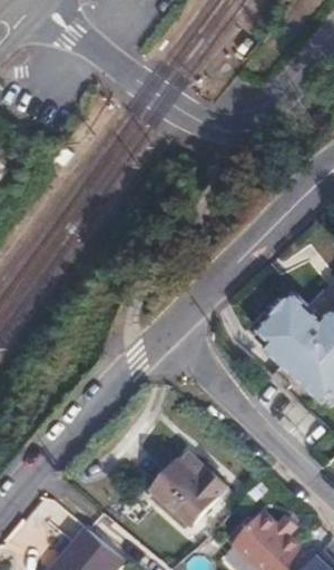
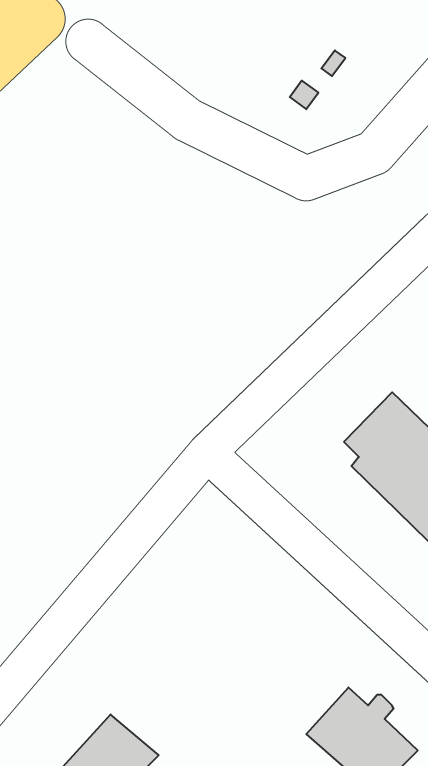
building: [141,462,217,529] -> none

